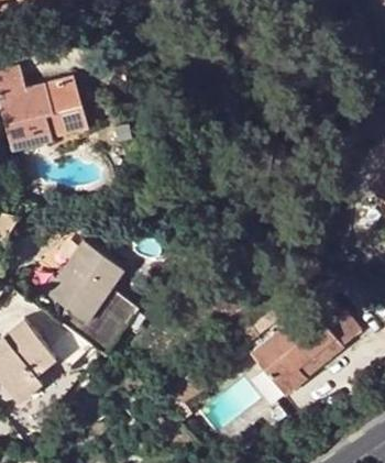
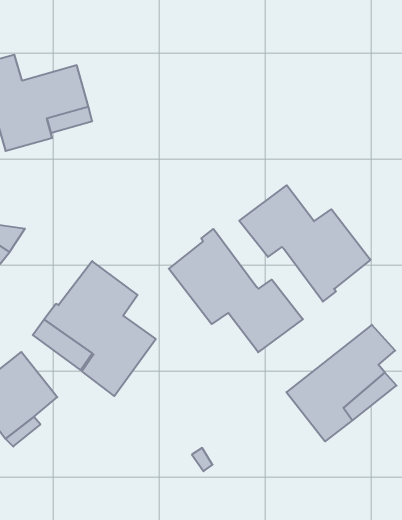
building: none -> [239,185,371,302]
building: none -> [169,229,303,352]

